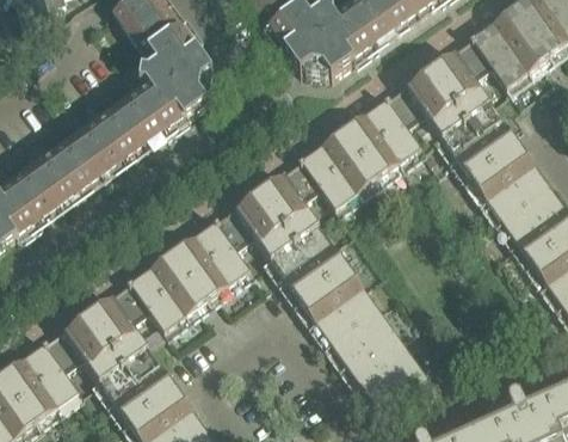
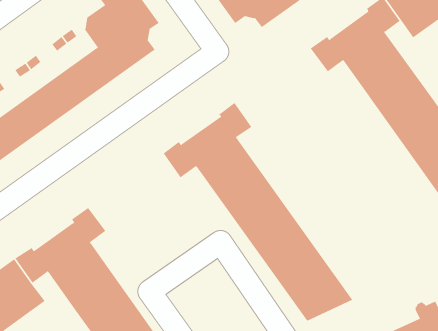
building: [298,98,420,209] -> none
building: [129,220,249,331] -> none

